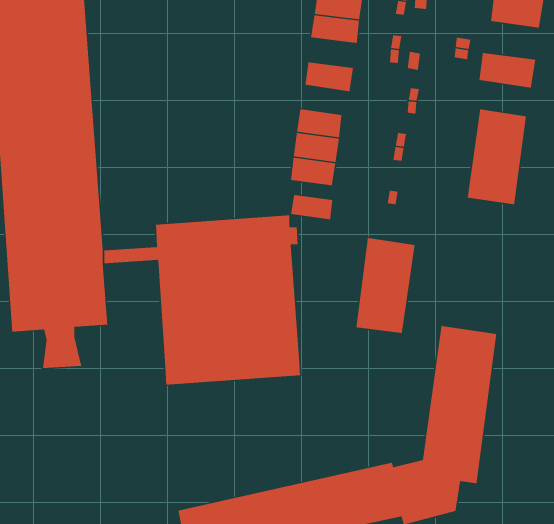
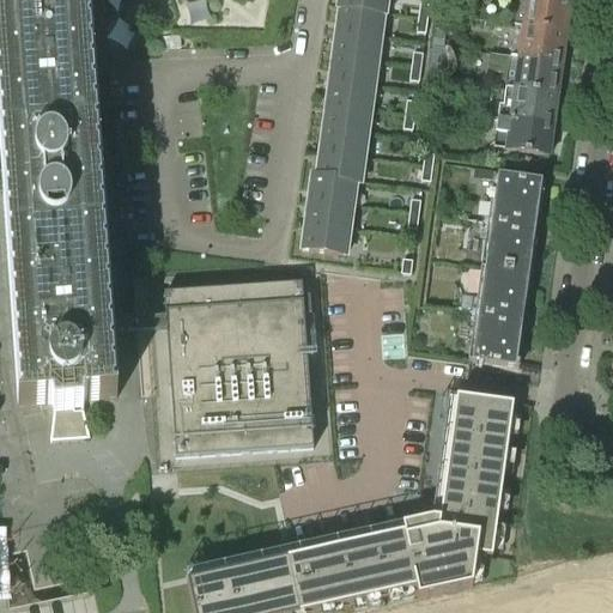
building: none -> [499,81,558,120]
building: none -> [322,98,372,128]
building: none -> [315,146,365,177]
building: [290,194,333,220] -> none
building: [356,237,416,334] -> [472,261,533,359]

